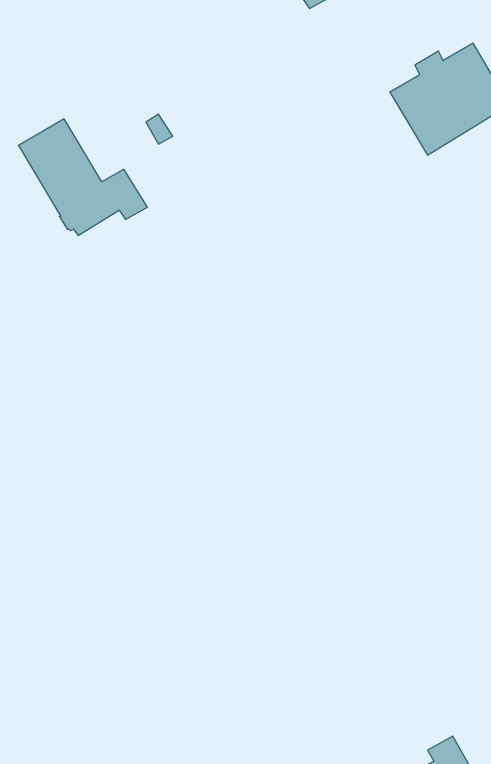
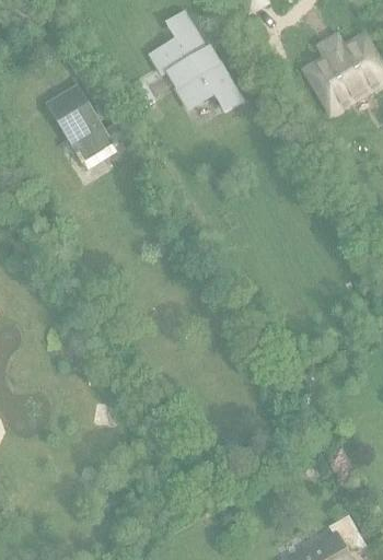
building: none -> [160,14,240,109]

